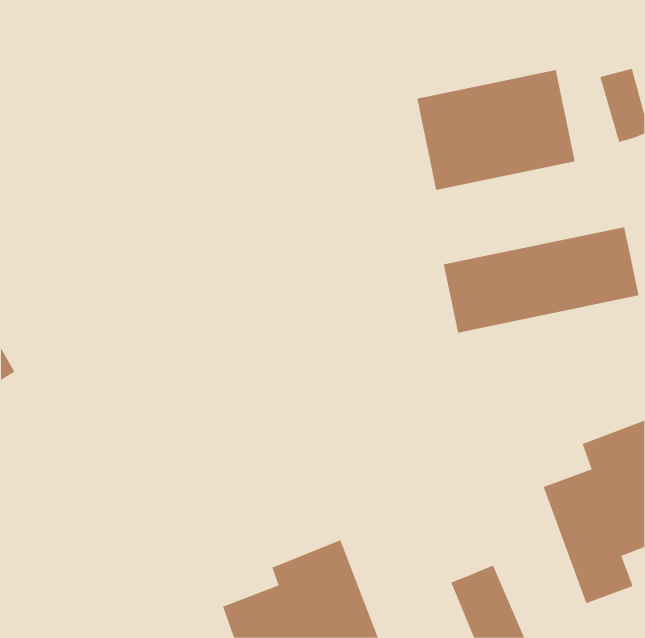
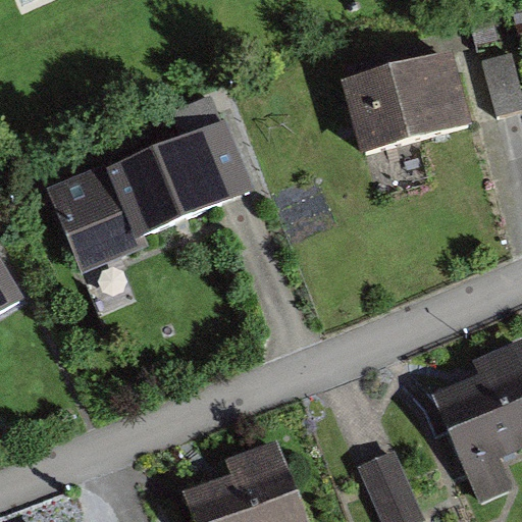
building: none -> [54,123,246,276]
building: [443,226,639,333] -> none

